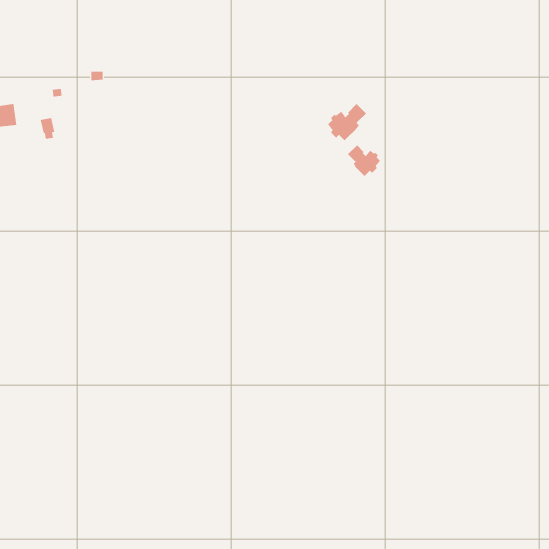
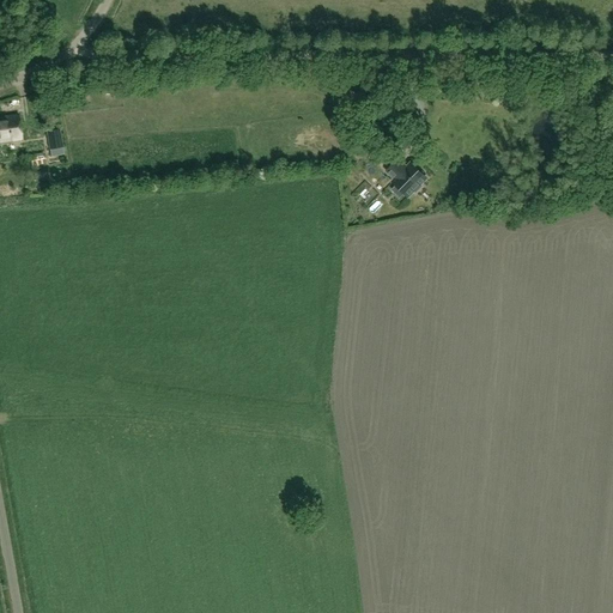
building: [327,103,367,141] -> none

